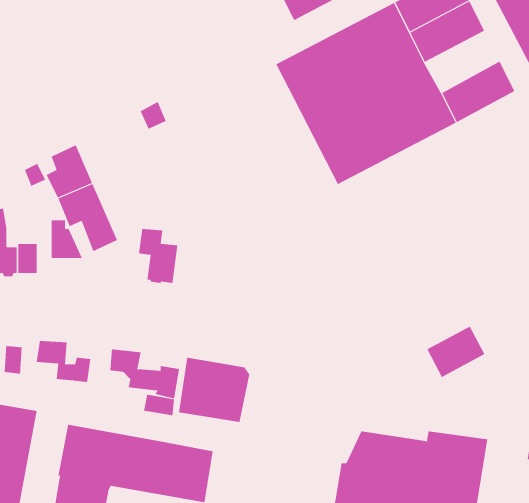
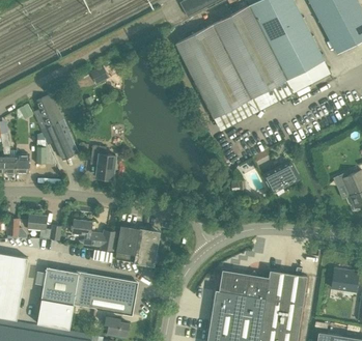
building: none -> [268,24,314,62]
building: [427,326,485,378] -> [262,162,299,194]

